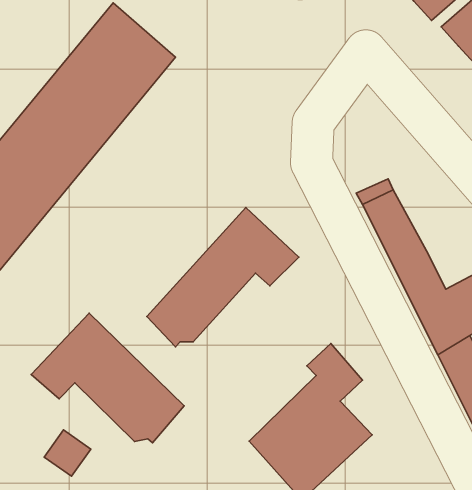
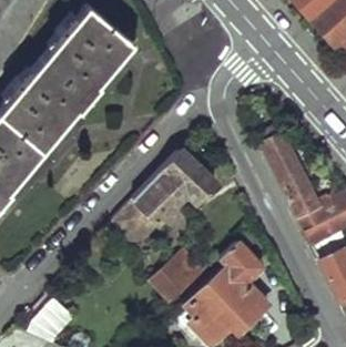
building: [31,313,184,443] -> none
building: none -> [154,253,204,302]

